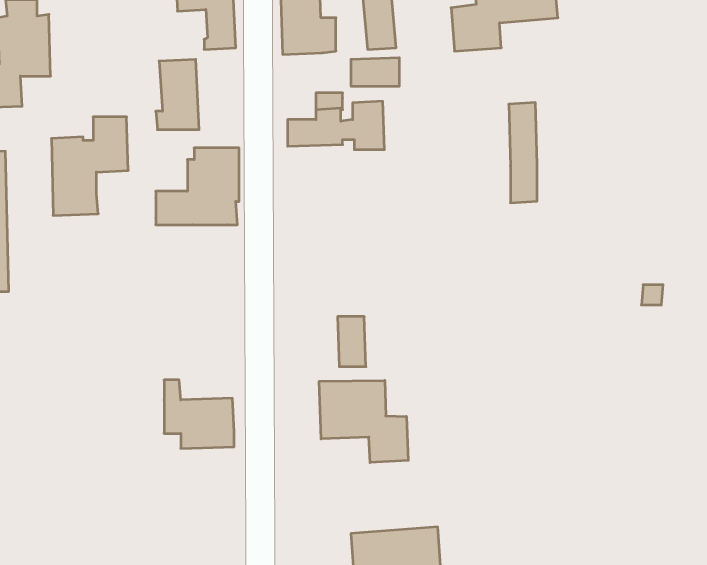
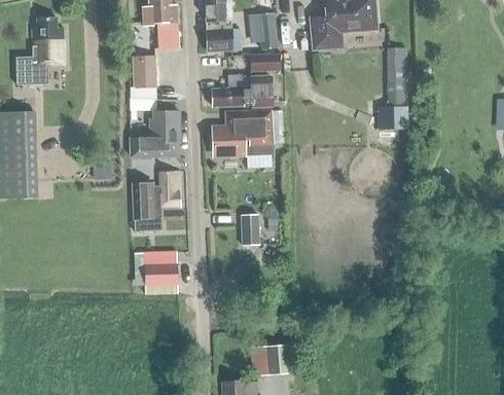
building: [509,103,537,203] -> [389,66,406,128]
building: [51,117,128,215] -> [133,170,180,230]
building: none -> [211,111,269,156]
building: [319,380,408,463] -> none

